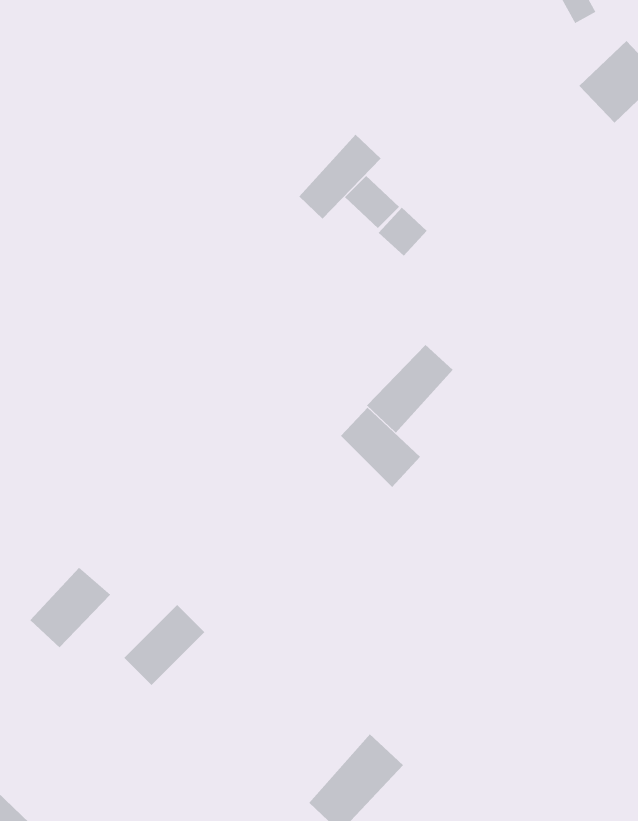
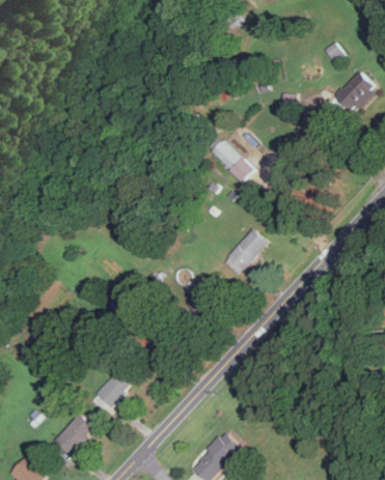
building: [298,134,381,219] -> none
building: [340,407,421,488] -> none
building: [30,567,111,648] -> [52,414,94,456]

